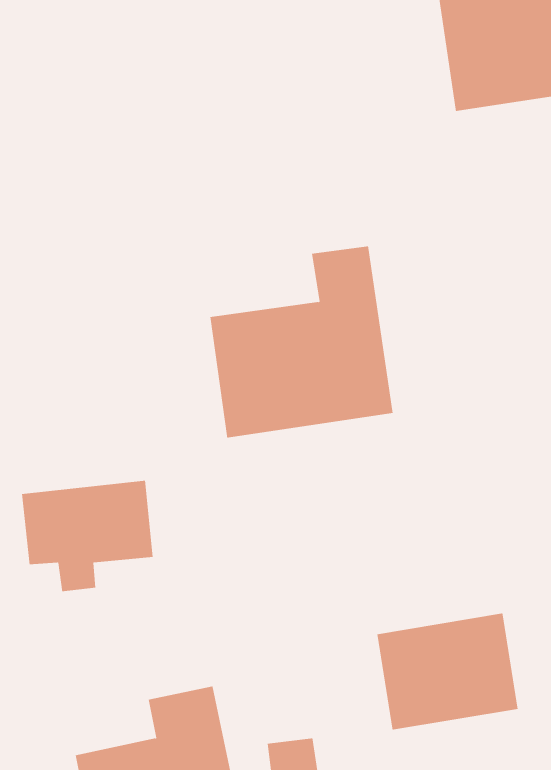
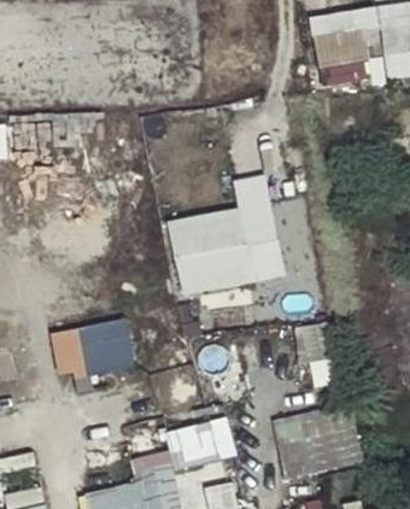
building: none -> [168,415,236,468]

